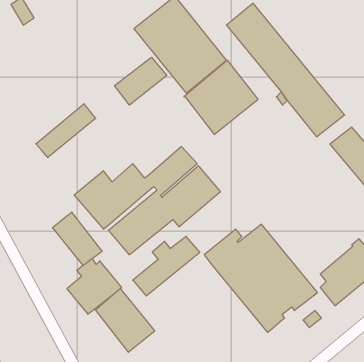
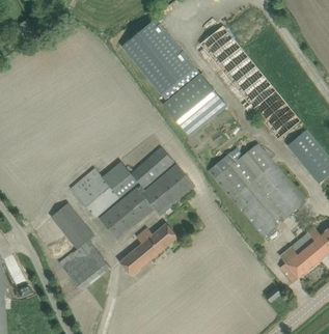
building: [115,57,167,105] -> none
building: [36,104,96,158] -> none
building: [204,224,317,332] -> [209,143,305,235]
building: [95,289,155,352] -> none

